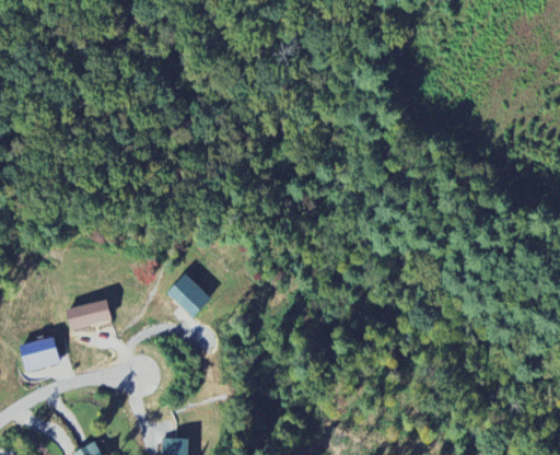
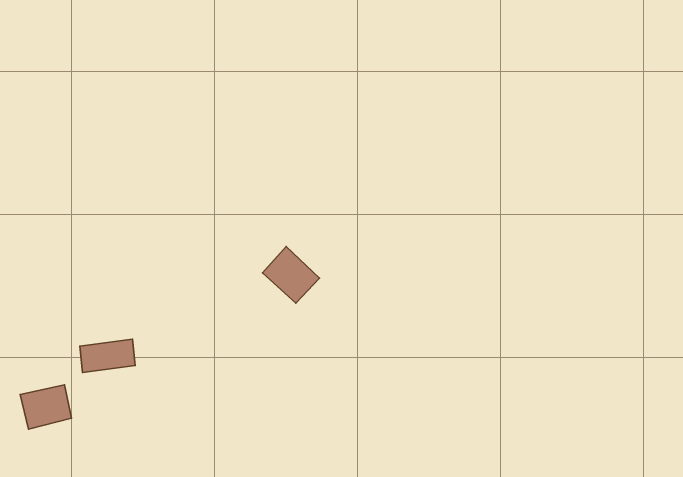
building: [165,273,210,318] -> [263,246,319,303]

